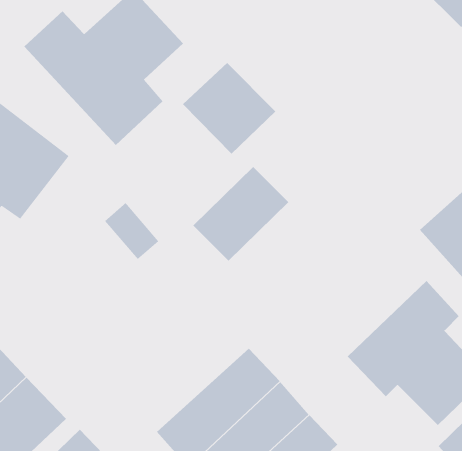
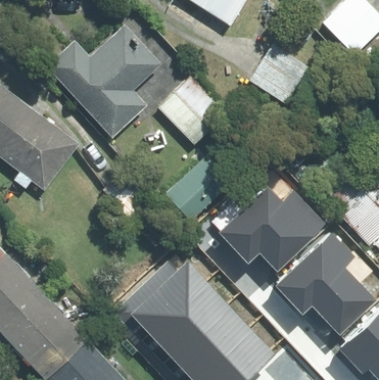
building: none -> [250,45,310,103]
building: none -> [220,187,326,271]
building: none -> [115,255,206,339]

